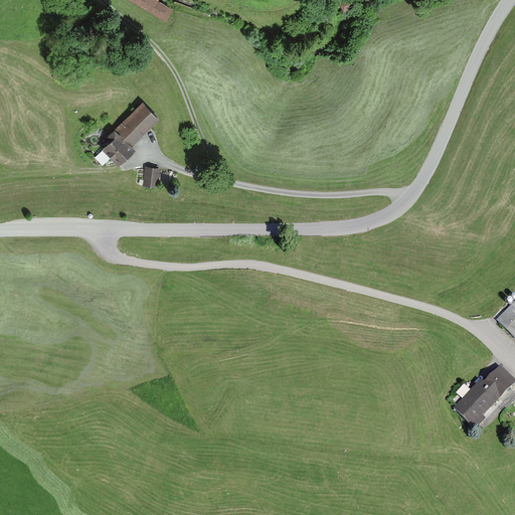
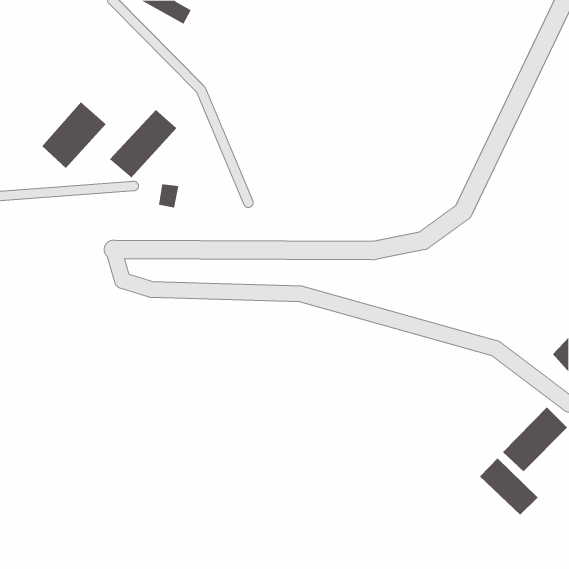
building: none -> [41,101,107,169]
building: none -> [479,457,538,516]

